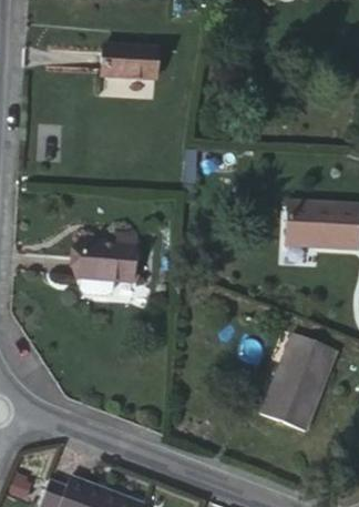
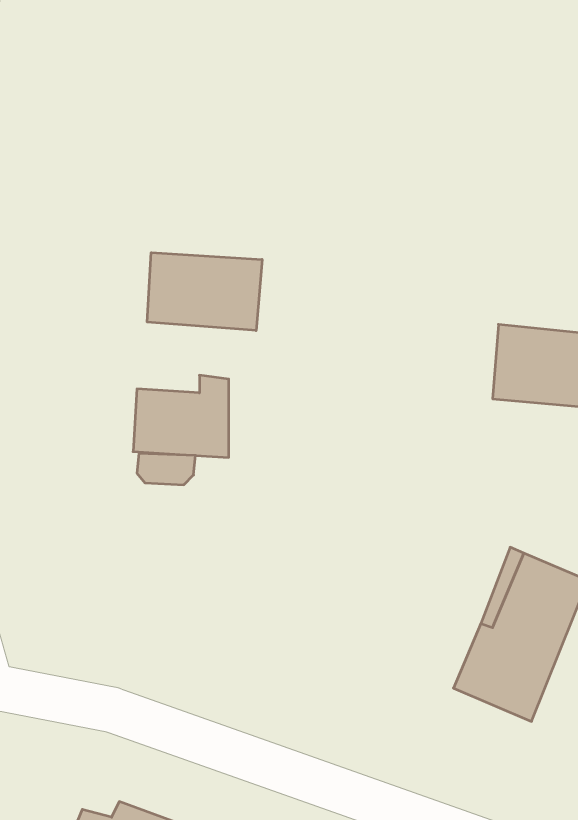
building: [101,45,156,81] -> none
building: none -> [147,253,262,331]

